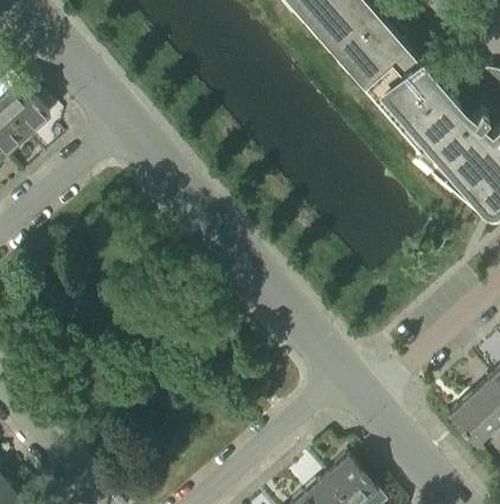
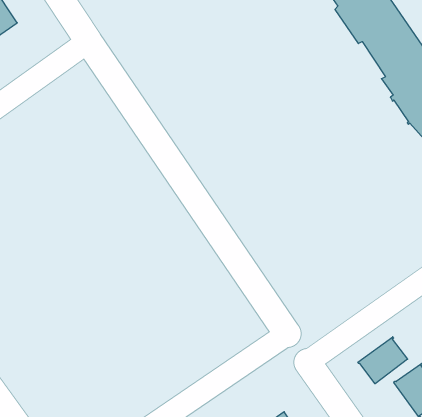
building: none -> [358,337,408,384]

